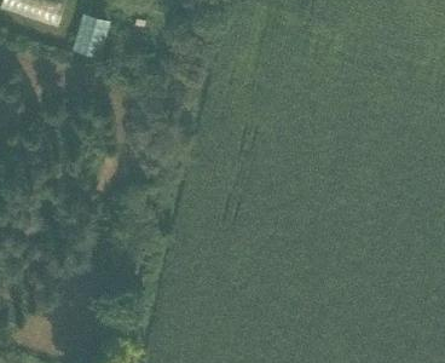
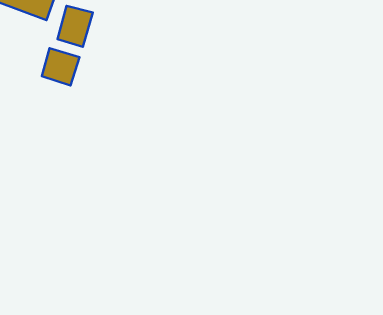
building: none -> [42,48,80,85]

